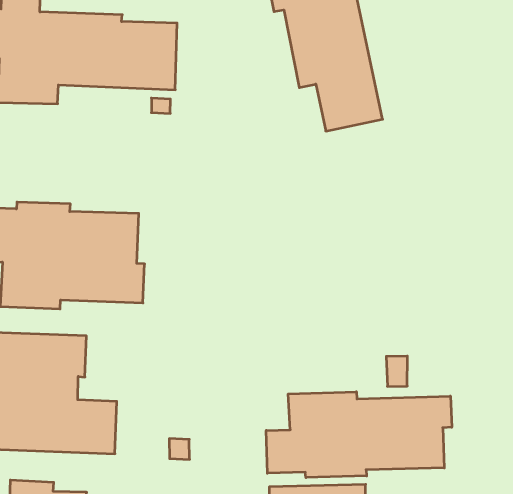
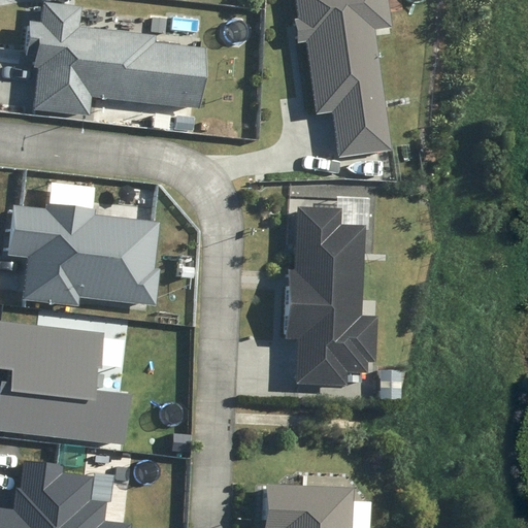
building: none -> [284,207,375,388]
building: [266,392,452,478] -> none

